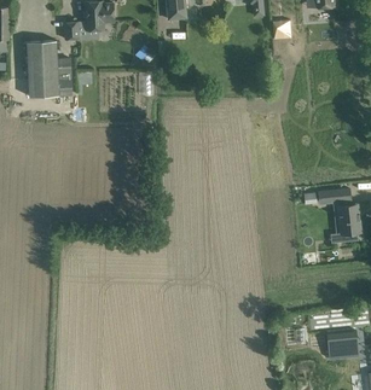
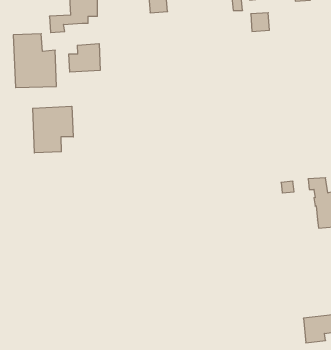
building: none -> [69,44,100,72]
building: none -> [33,106,73,153]

